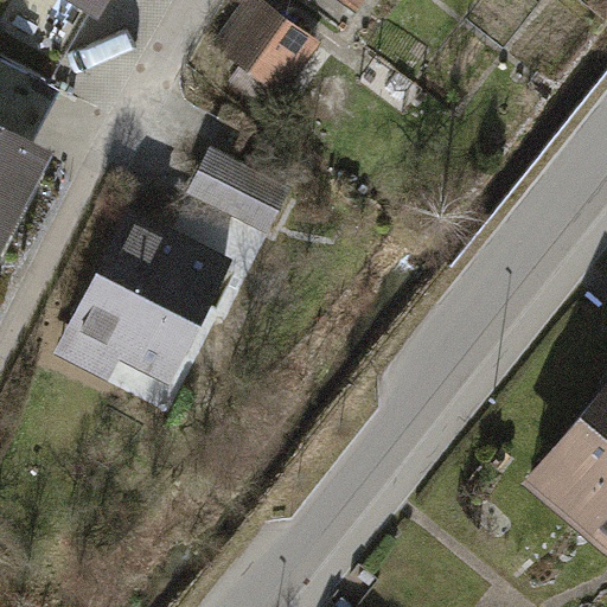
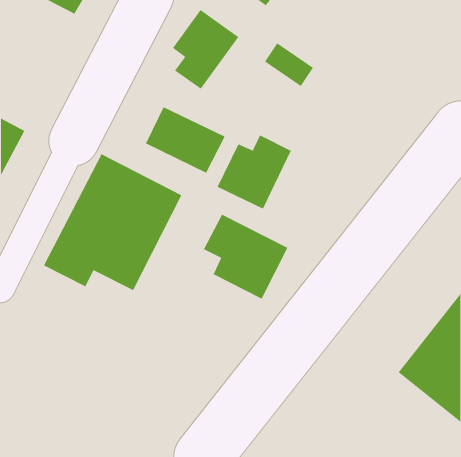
building: none -> [217,135,291,209]
building: none -> [203,214,288,299]

